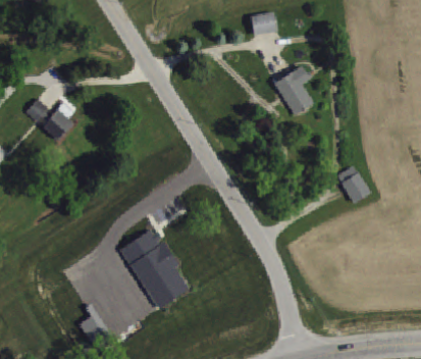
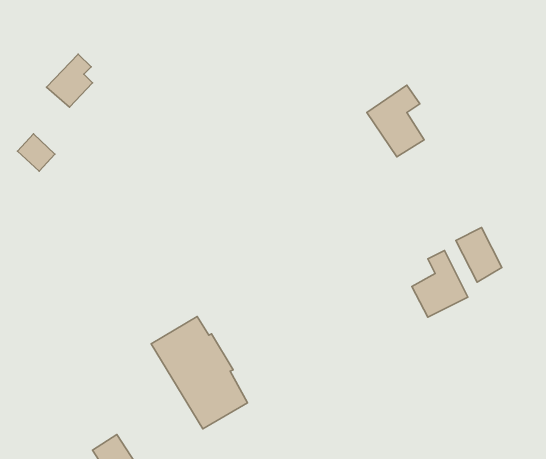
building: [251,12,276,35] -> none
building: [41,103,73,141] -> [47,54,93,107]
building: none -> [412,251,468,317]

